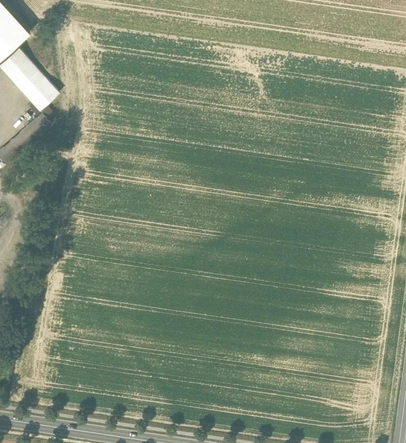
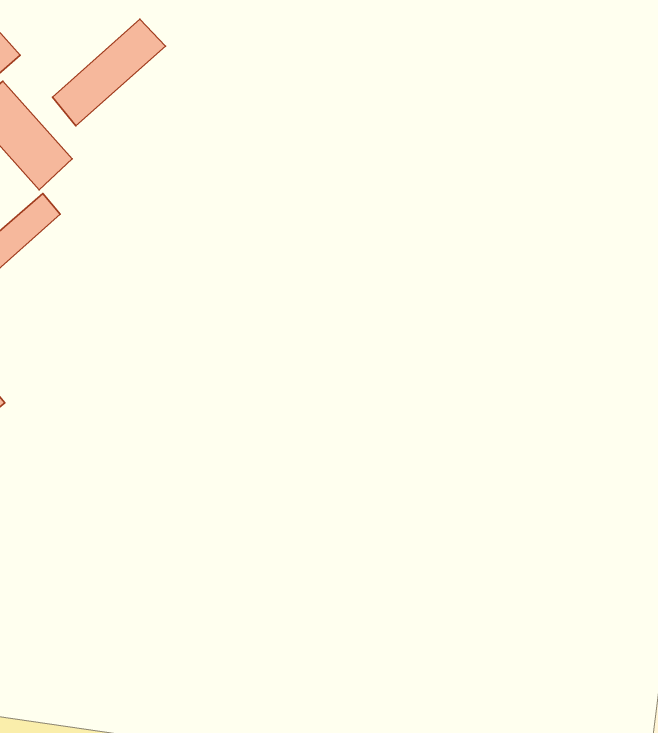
building: none -> [52,19,166,126]

